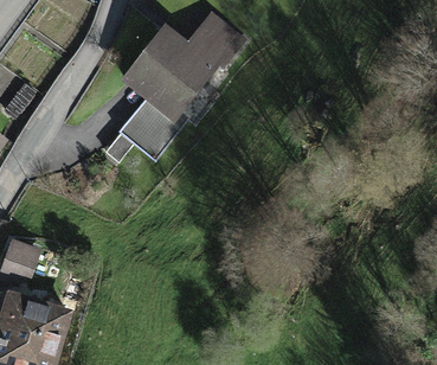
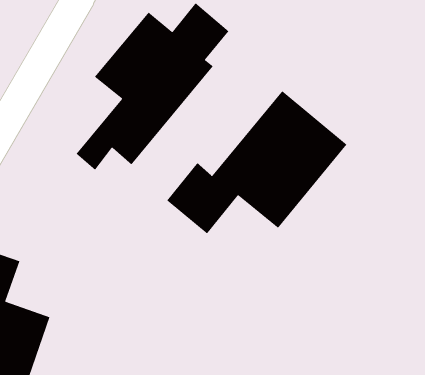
building: none -> [166,90,348,234]

